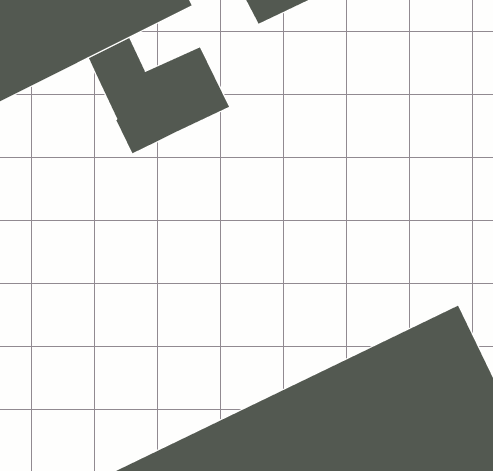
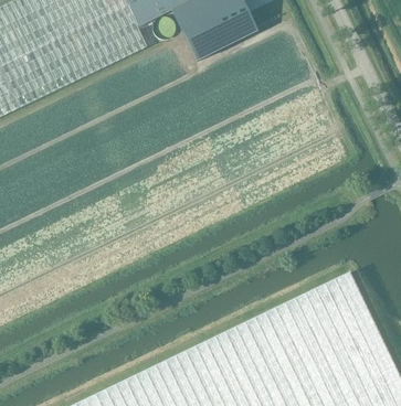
building: [88,37,230,154] -> none

